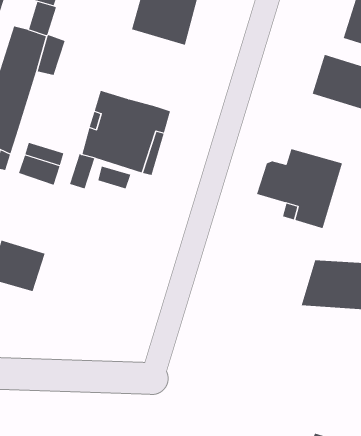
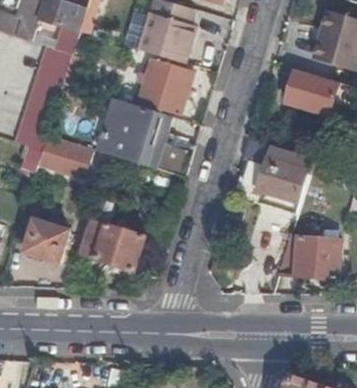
building: none -> [136,58,192,114]
building: none -> [78,198,145,271]

